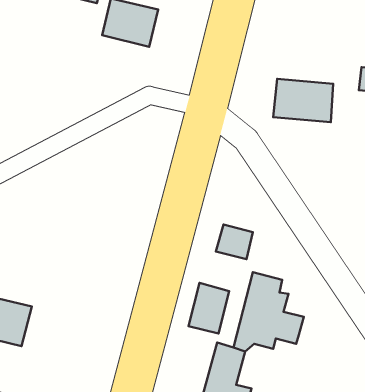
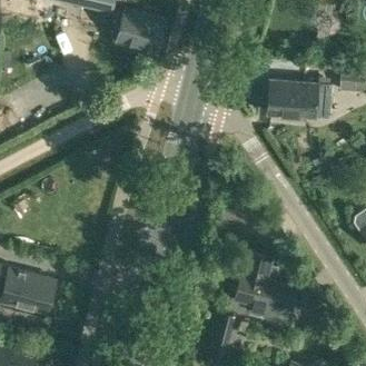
building: [189,283,229,333] -> none

